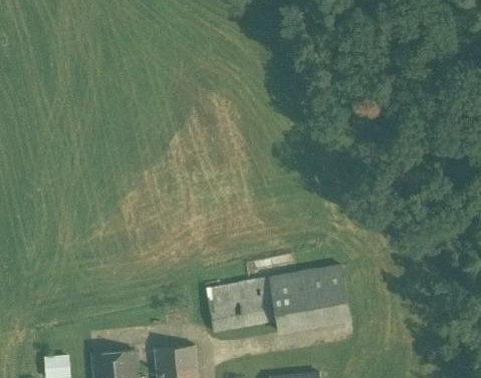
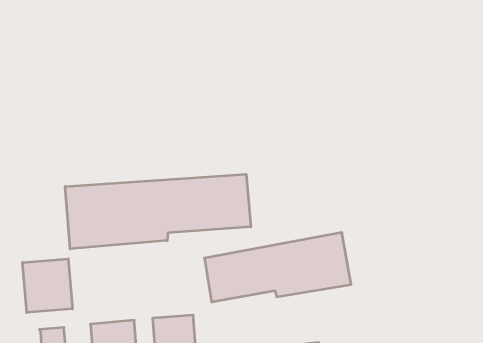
building: none -> [65,174,251,249]
building: none -> [23,259,72,313]

